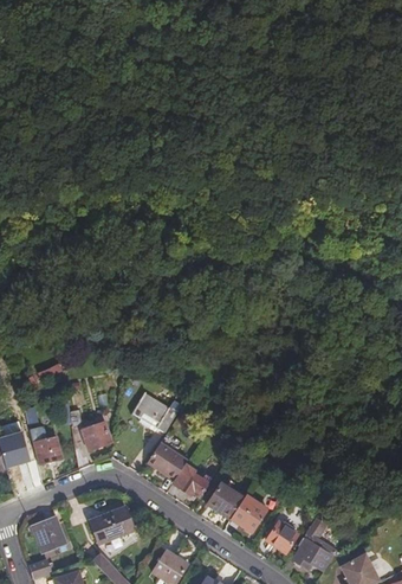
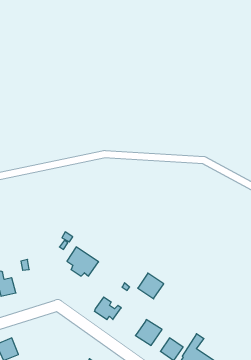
building: [82,422,111,449] -> none
building: [147,442,187,480] -> none
building: [208,482,245,519] -> [138,273,164,299]
building: [90,507,135,545] -> none

